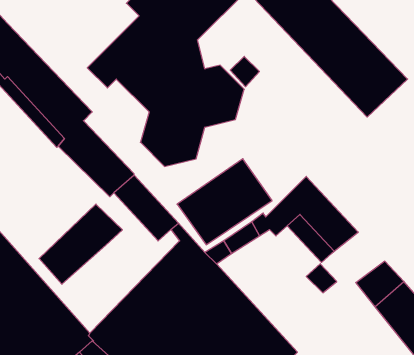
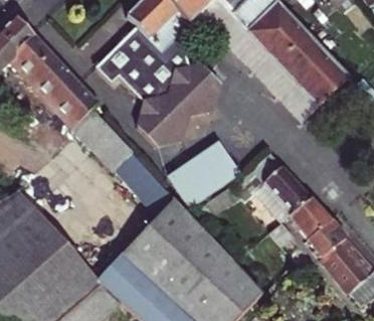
building: [39,204,122,284] -> none
building: none -> [289,198,331,238]

